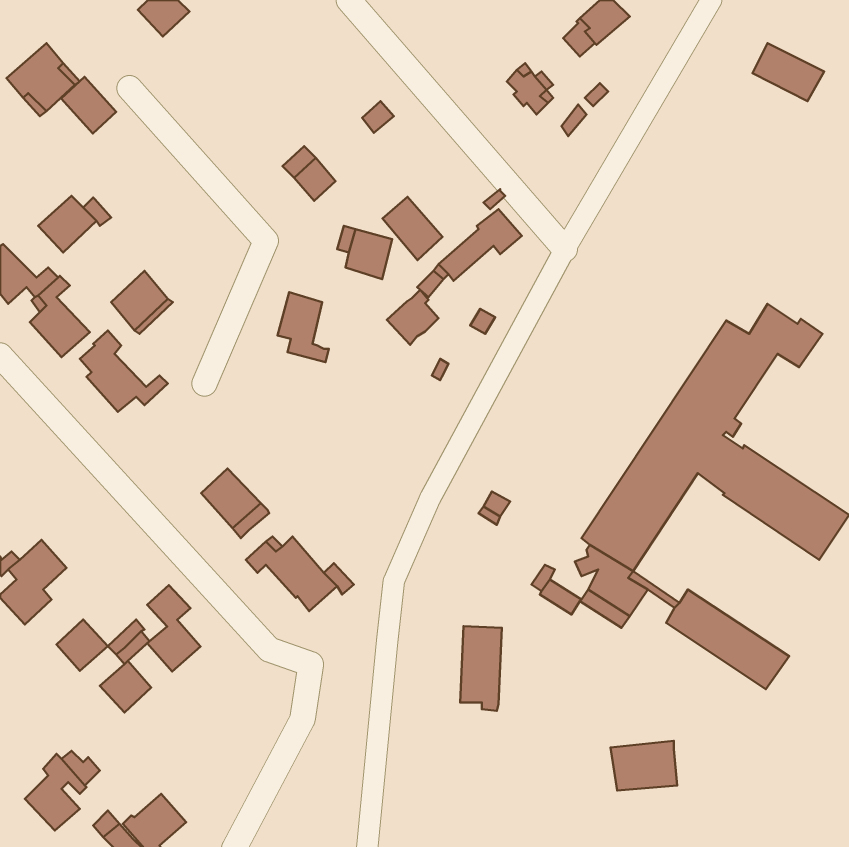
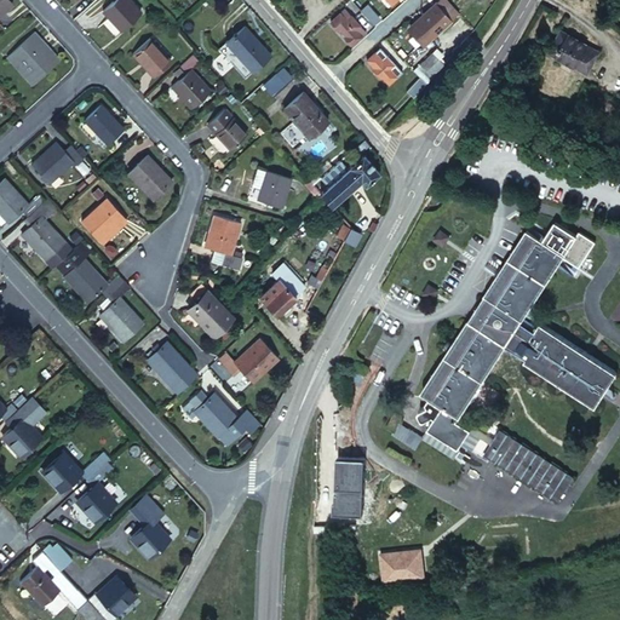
building: none -> [332,7,367,44]
building: none -> [219,27,270,78]
building: none -> [132,38,171,78]
building: none -> [171,53,208,107]
building: [61,77,116,133] -> [86,103,126,144]
building: [383,197,442,260] -> [282,92,326,138]
building: none -> [130,156,173,201]
building: [387,290,438,345] -> [257,276,294,316]
building: none -> [98,281,142,340]
building: none -> [188,282,232,335]
building: none -> [220,339,277,383]
building: [147,585,200,671] -> [134,499,173,562]
building: [611,741,677,791] -> [375,546,424,582]

